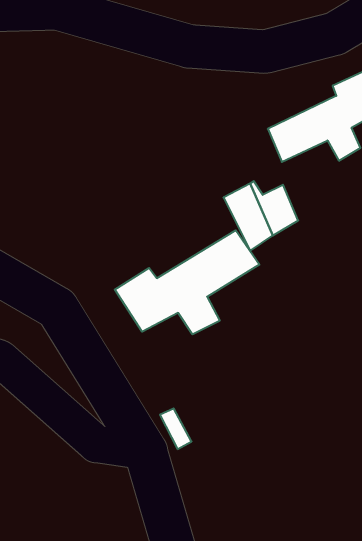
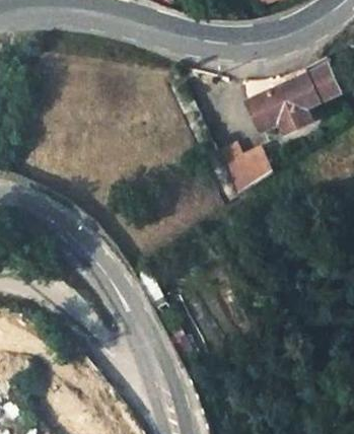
building: [115,230,259,334] -> none

